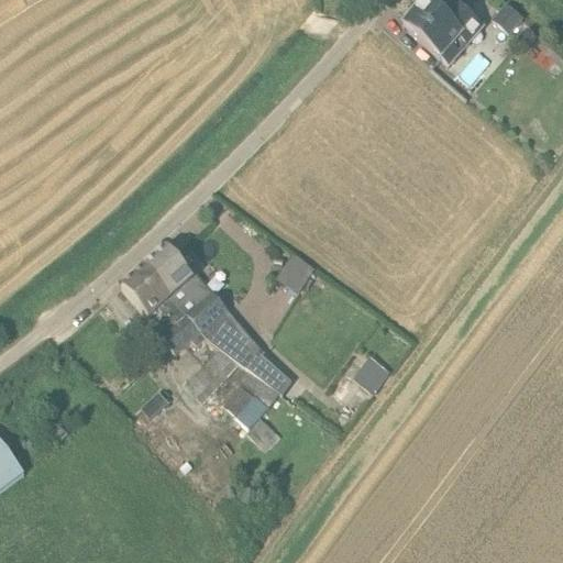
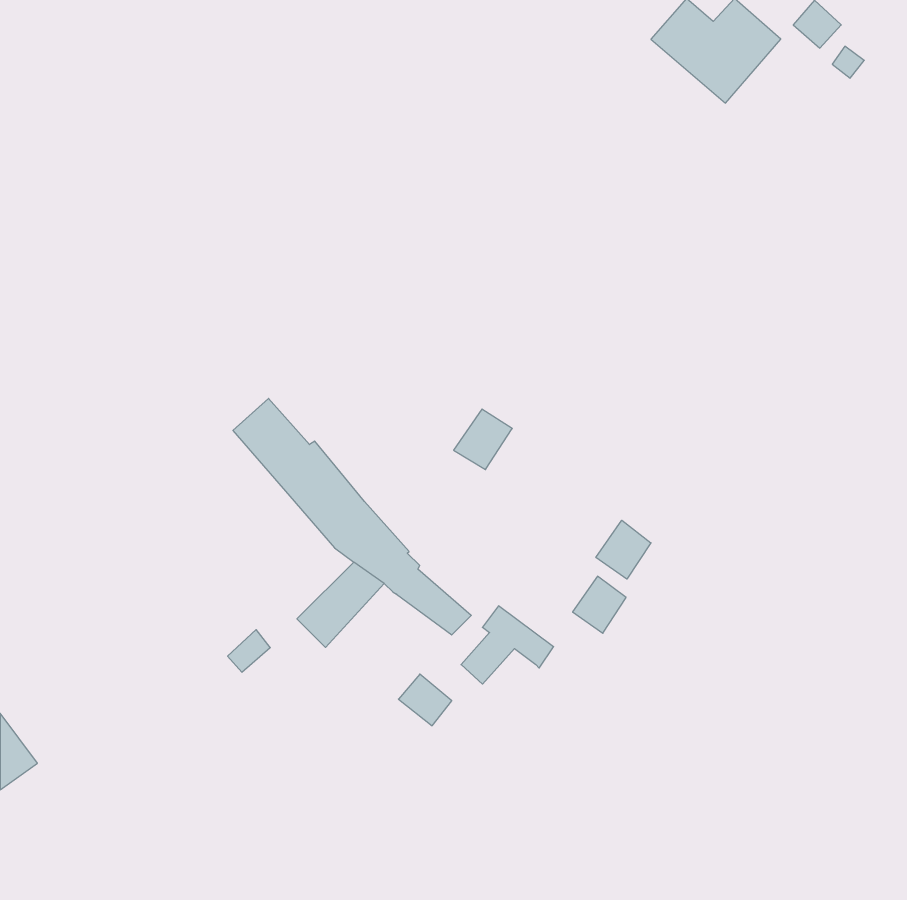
building: [122,266,208,351] -> none
building: none -> [596,520,651,579]
building: [223,367,280,416] -> [461,606,554,684]

